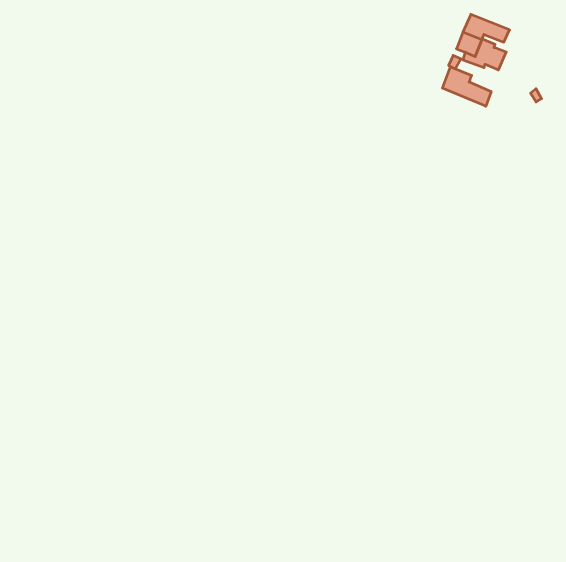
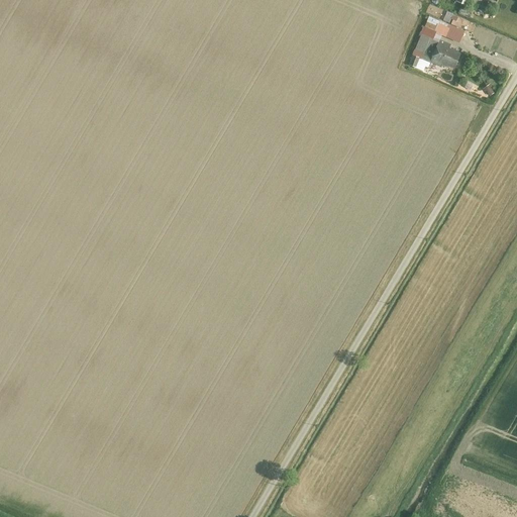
building: [442,67,491,106] -> none

